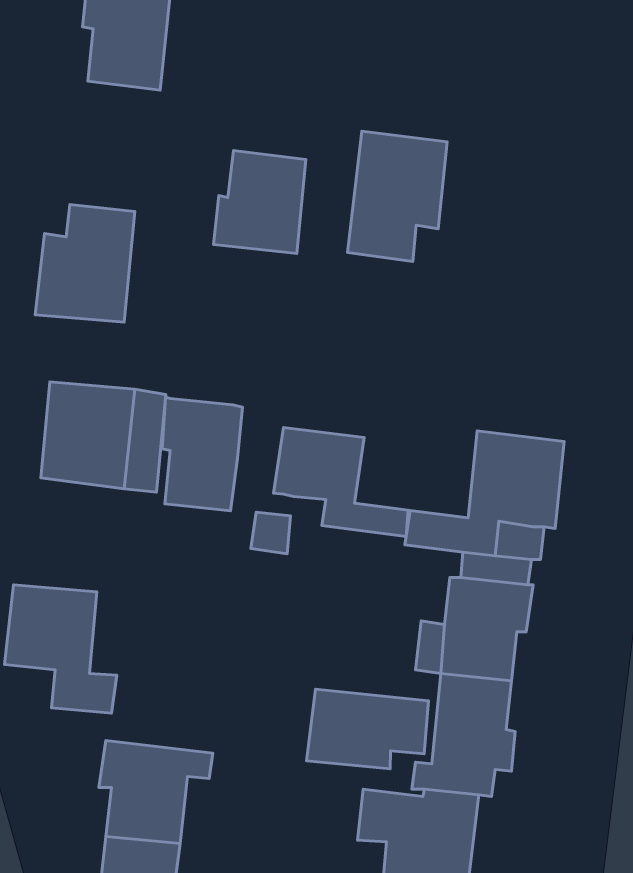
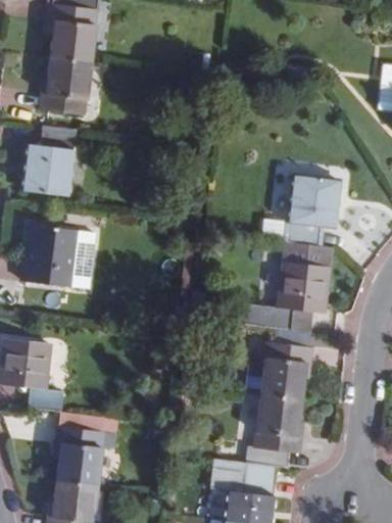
building: [347,131,447,261] -> [277,172,333,245]
building: [213,150,306,254] -> [44,60,96,118]
building: [162,397,243,511] -> none
building: [274,428,408,536] -> none
building: [307,689,429,769] -> none

